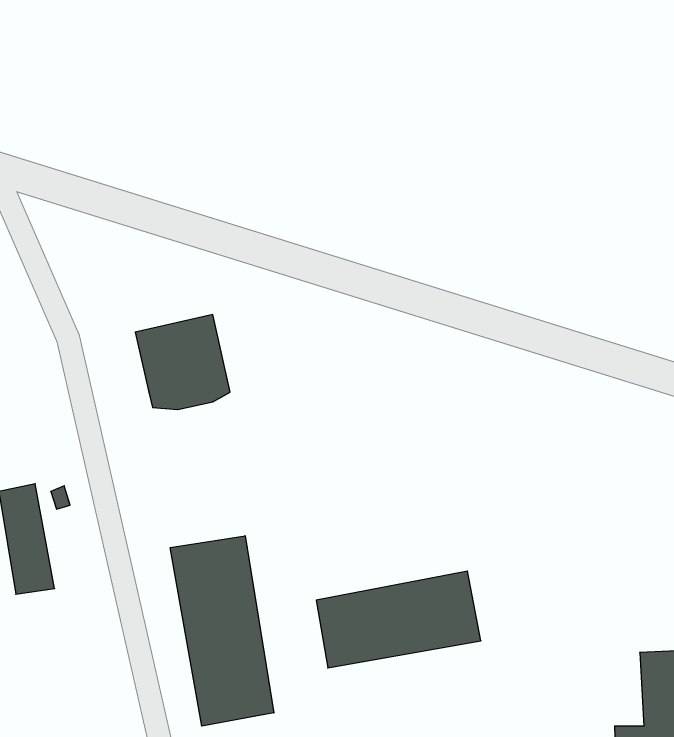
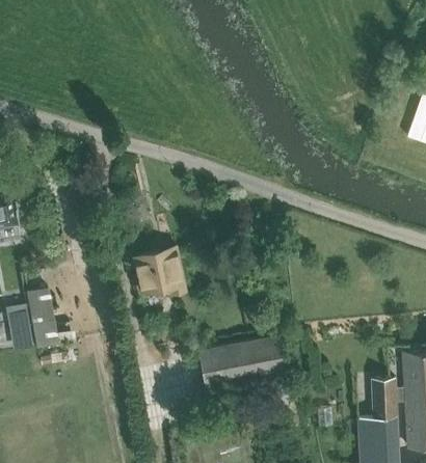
building: [135,315,230,410] -> [132,248,183,299]
building: [170,536,274,726] -> none

